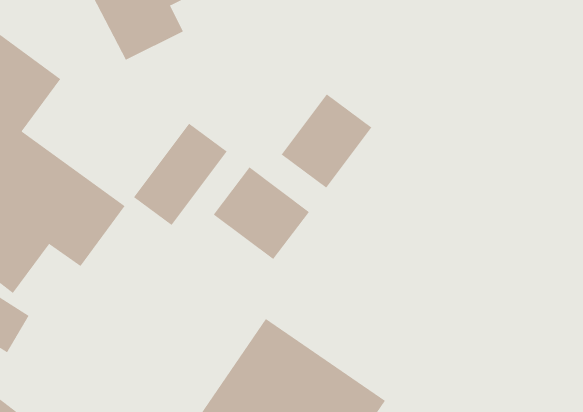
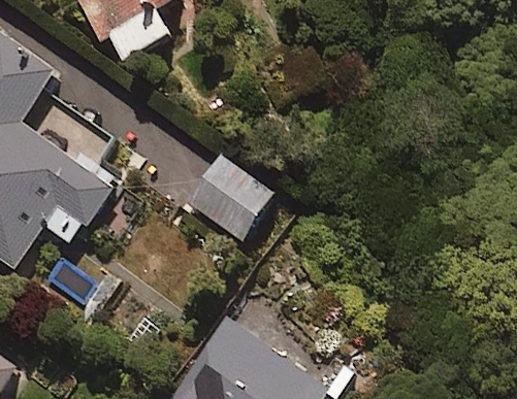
building: [281,93,372,188] -> none
building: [133,123,228,226] -> none

